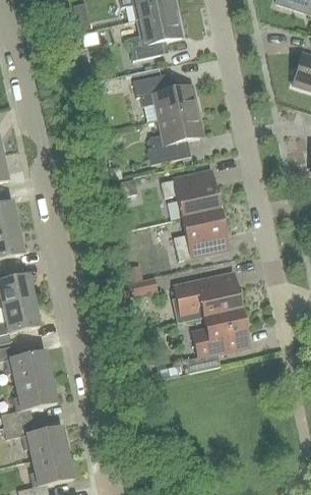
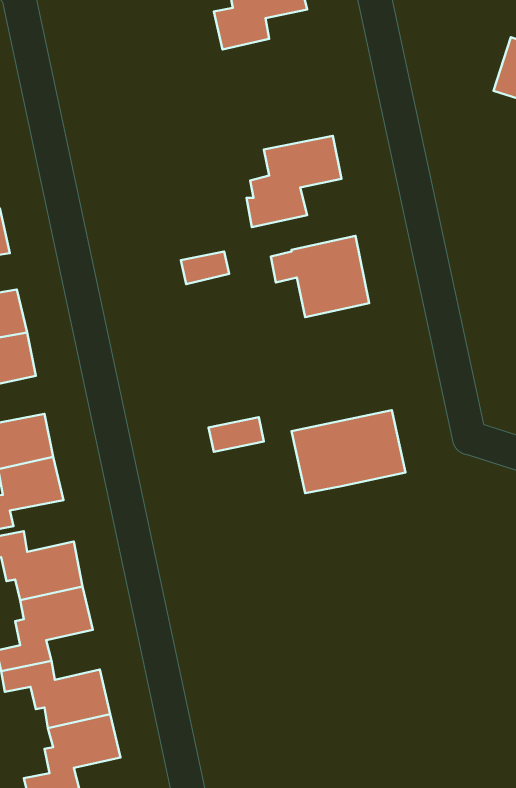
building: [132,73,198,118] -> none
building: [174,209,228,260] -> none
building: [186,309,249,372] -> none

